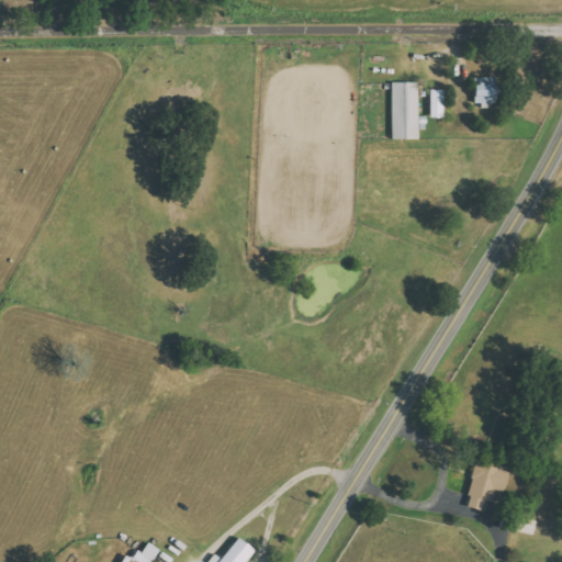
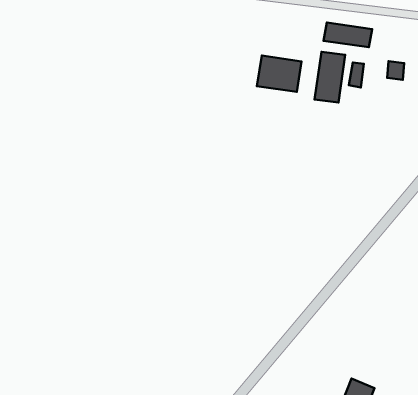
building: none -> [324,22,372,47]
building: none -> [257,56,301,92]

